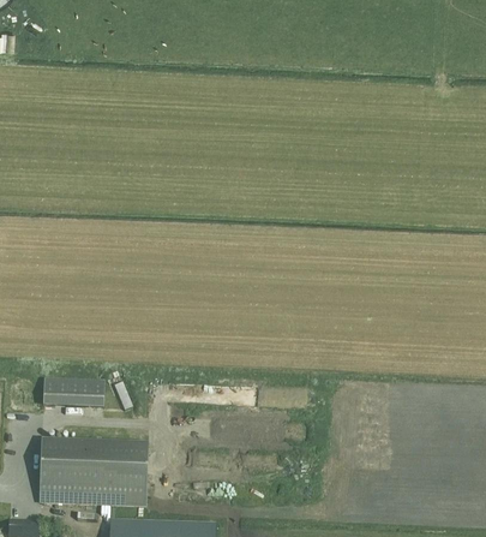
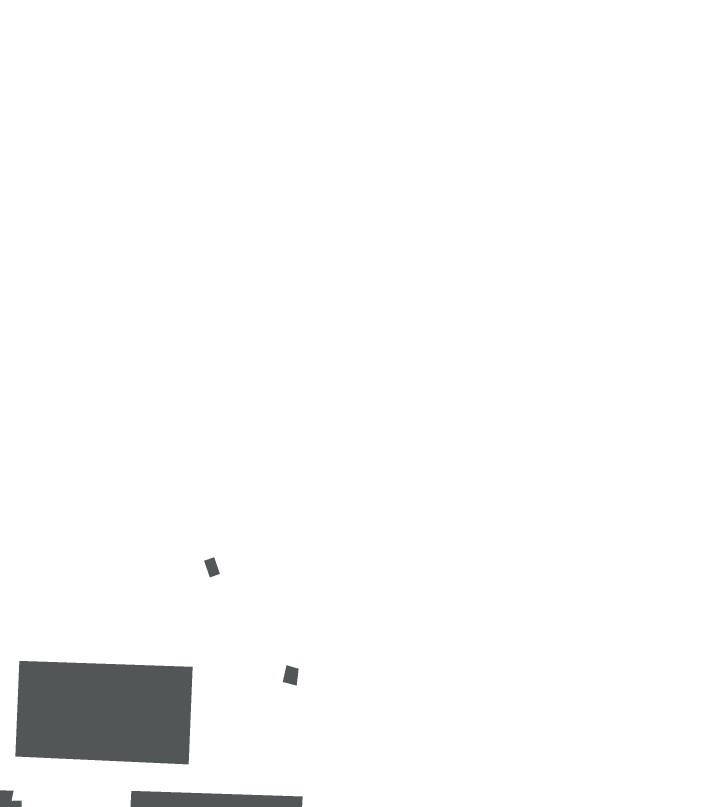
building: [42,378,103,401] -> none

